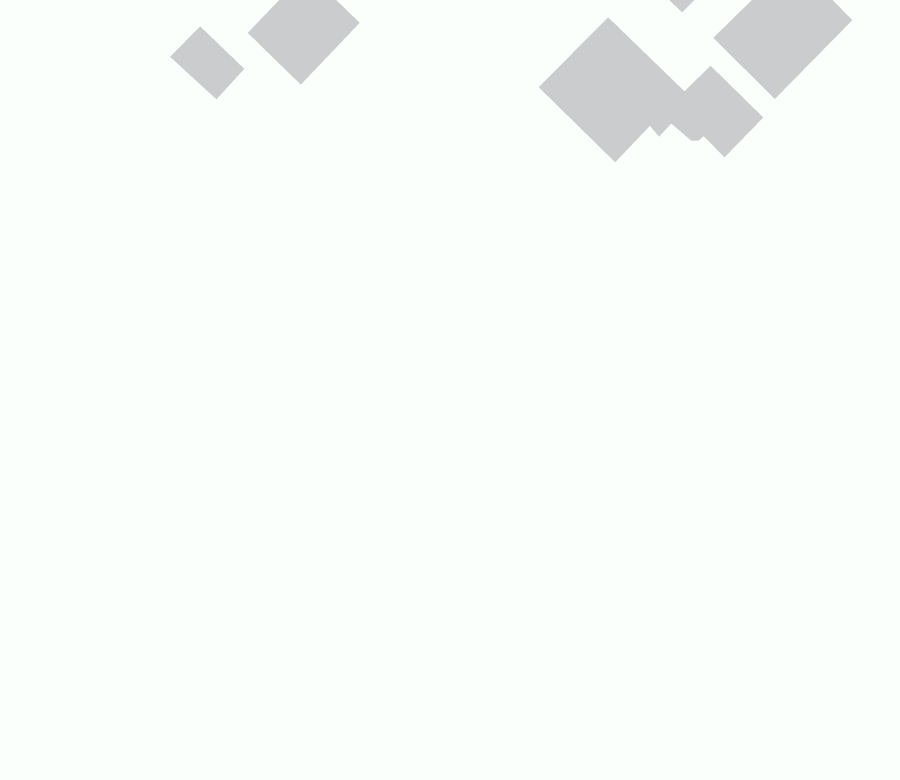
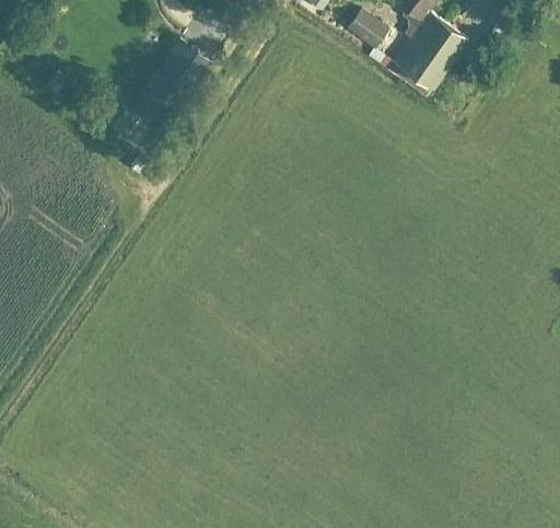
building: [538,17,764,163] -> none

